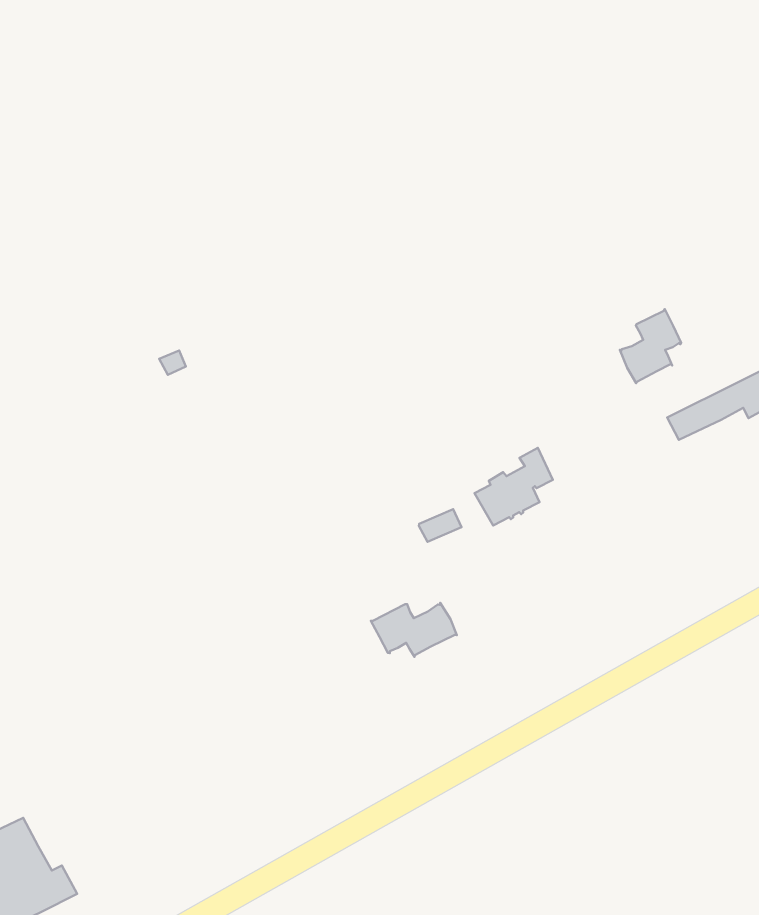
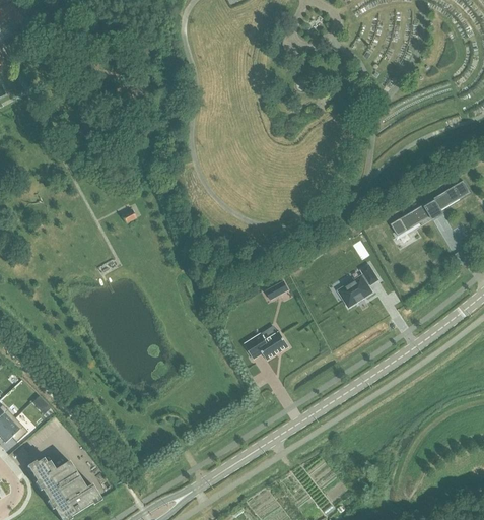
building: [620,309,681,383] -> none
building: [474,448,553,525] -> [337,263,377,306]

